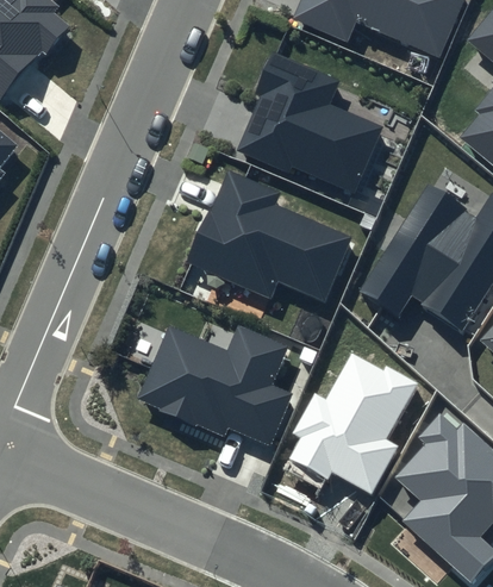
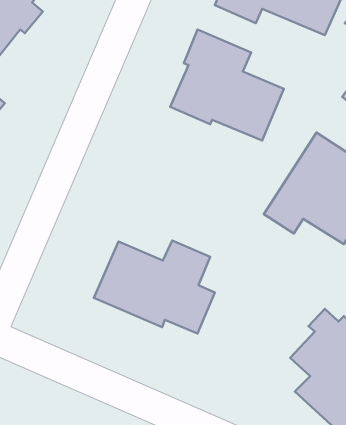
building: [187,168,352,301] -> none
building: [289,355,417,494] -> none

